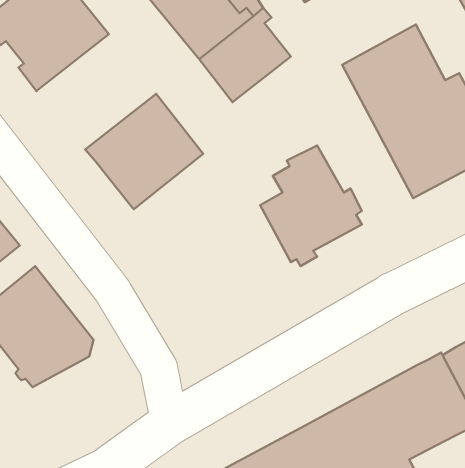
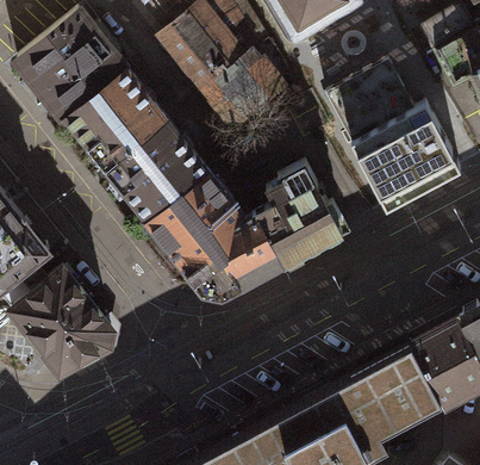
building: none -> [67,70,168,169]
building: none -> [145,173,283,298]

